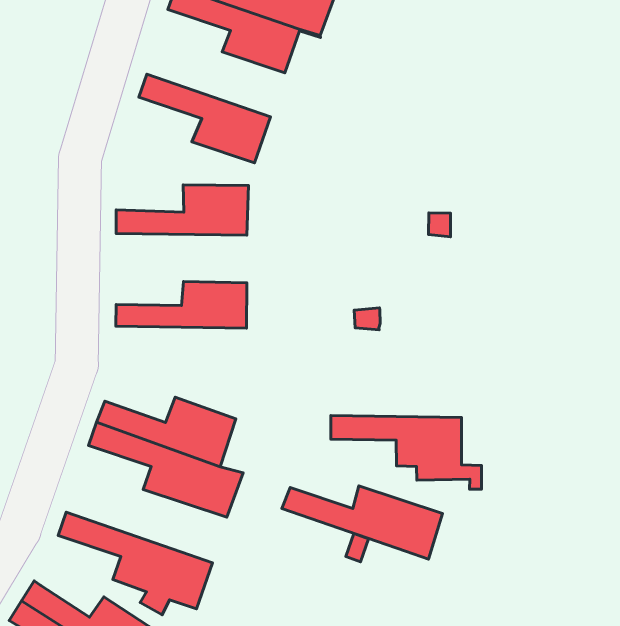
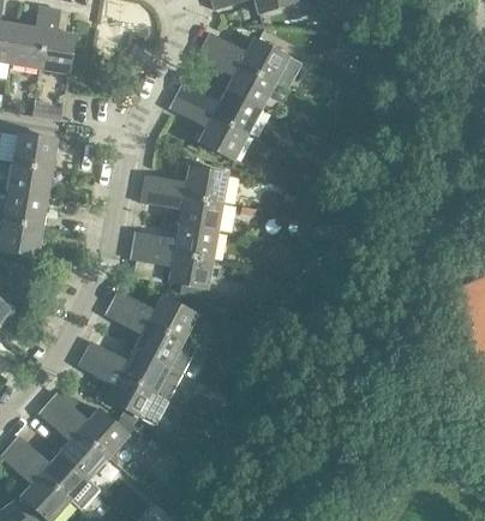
building: none -> [178,83,262,133]
building: none -> [140,188,222,232]
building: [331,415,481,489] -> [131,245,220,305]
building: [282,486,443,559] -> [84,341,181,399]

